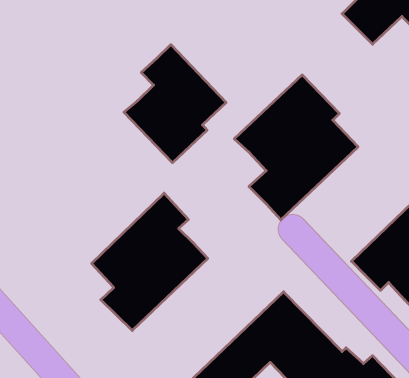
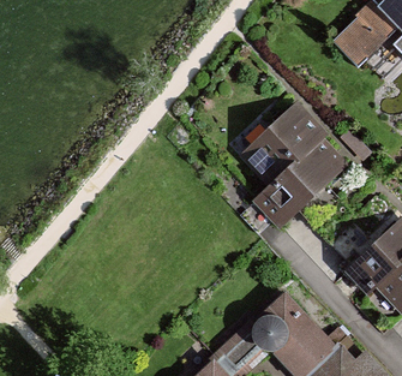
building: [124,45,226,163] -> none
building: [92,193,208,331] -> none

